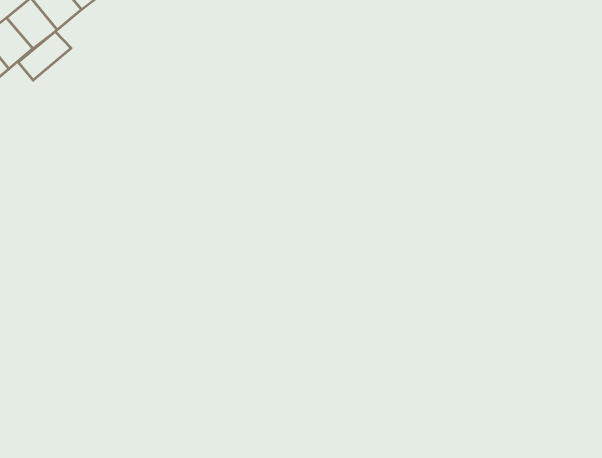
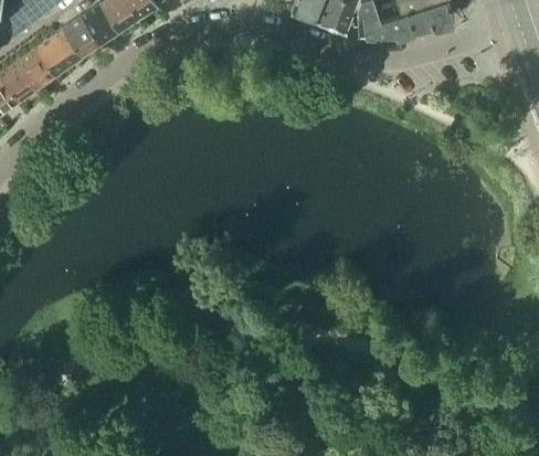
building: [18,31,71,80] -> none

